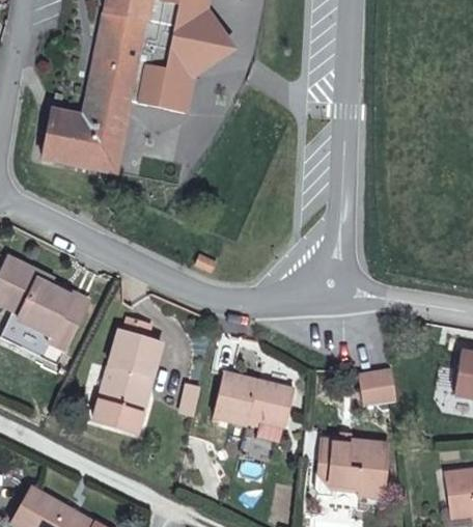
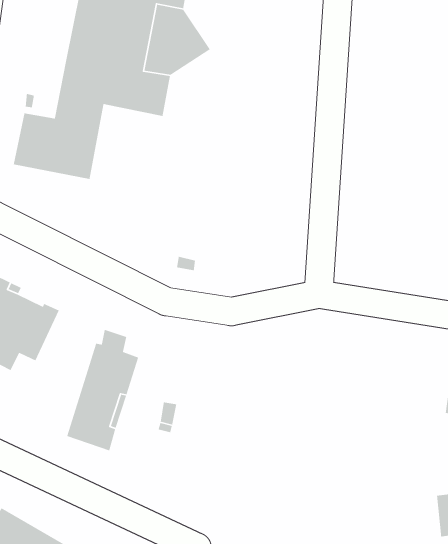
building: [357,369,395,407] -> none
building: [212,372,295,450] -> none
building: [316,440,388,501] -> none

